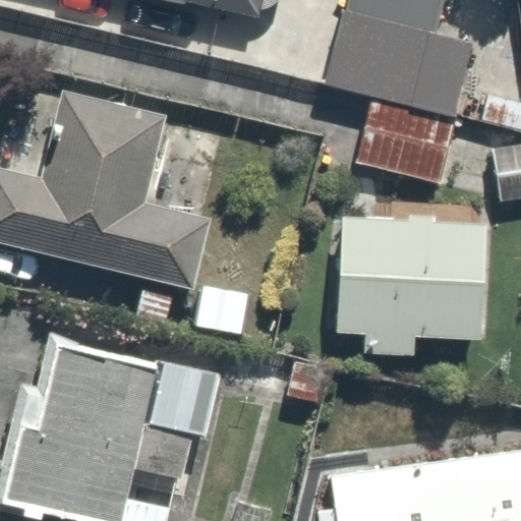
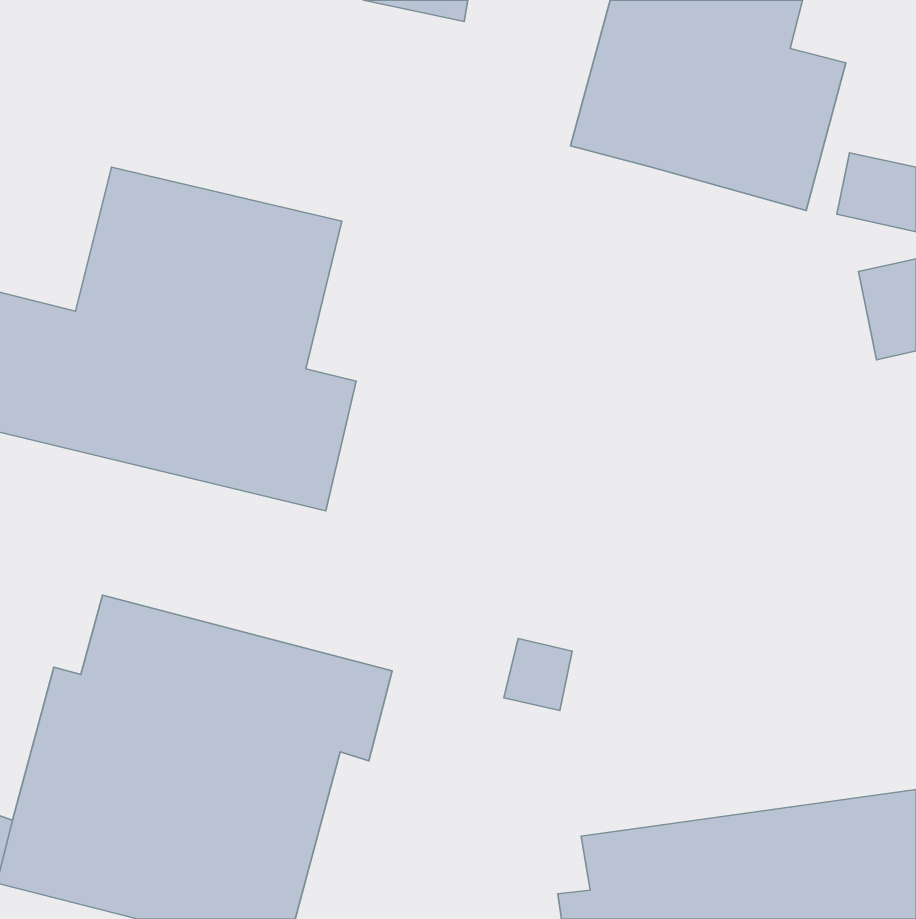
building: [350,95,452,185] -> none
building: [341,215,489,357] -> none

